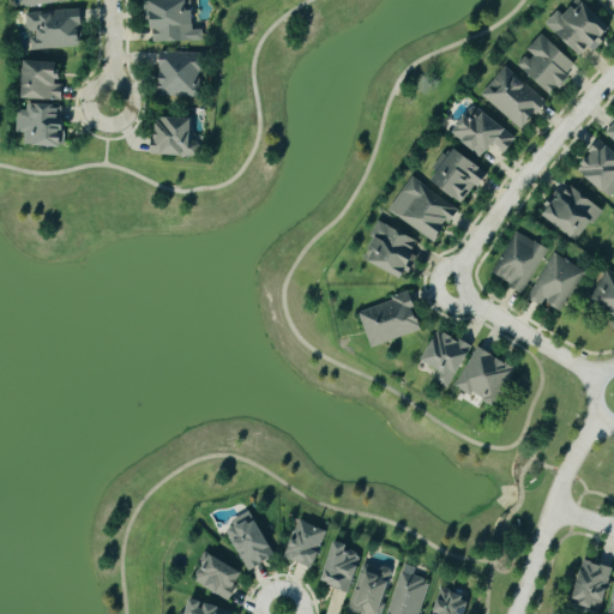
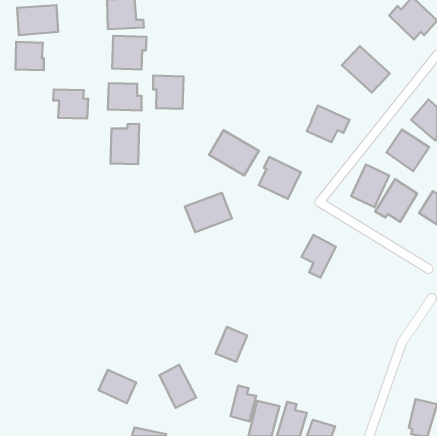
building: [514,32,576,92] -> none
building: [451,103,513,158] -> none
building: [16,104,65,145] -> [53,89,88,119]
building: none -> [153,76,183,109]
building: none -> [111,124,139,164]
building: [387,176,457,240] -> [209,130,259,176]
building: [356,291,422,347] -> [185,193,232,232]
building: [455,345,514,405] -> none
building: [283,518,327,567] -> [216,327,247,362]
building: [189,552,242,598] -> [98,370,136,403]

